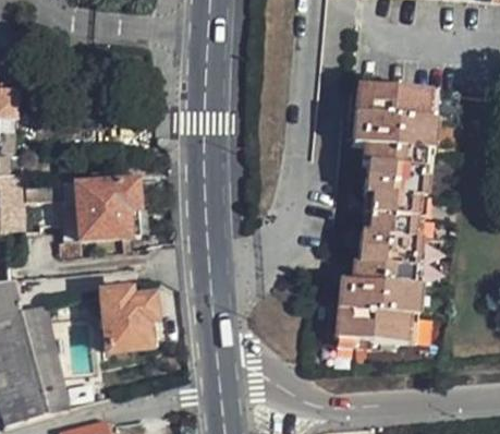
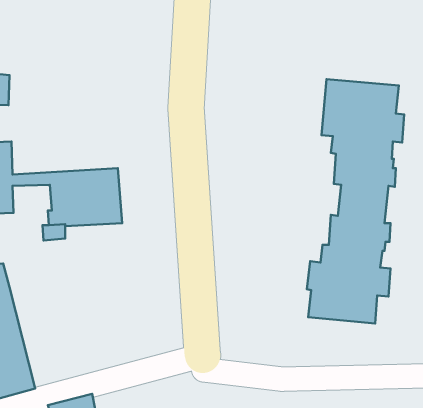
building: [102,291,156,351] -> none
building: [21,300,70,412] -> none

